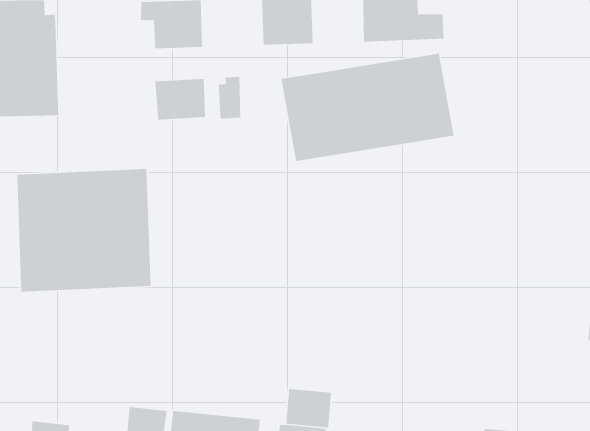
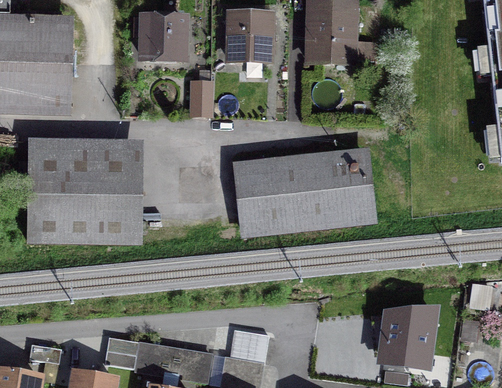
building: [281,53,454,162] -> [238,152,372,231]
building: [154,78,206,120] -> none
building: none -> [373,310,433,366]

